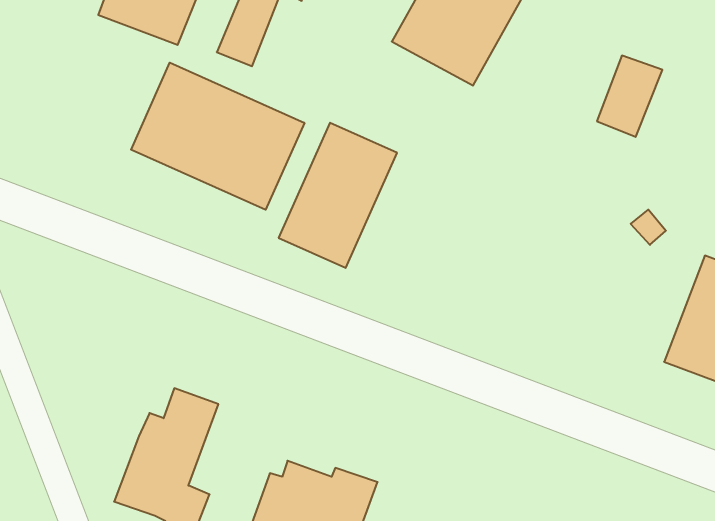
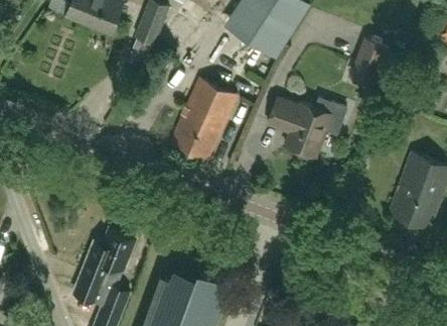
building: [131,63,304,210] -> none
building: none -> [267,98,346,158]

